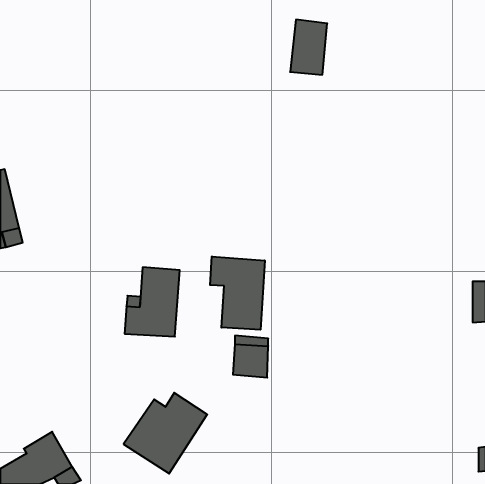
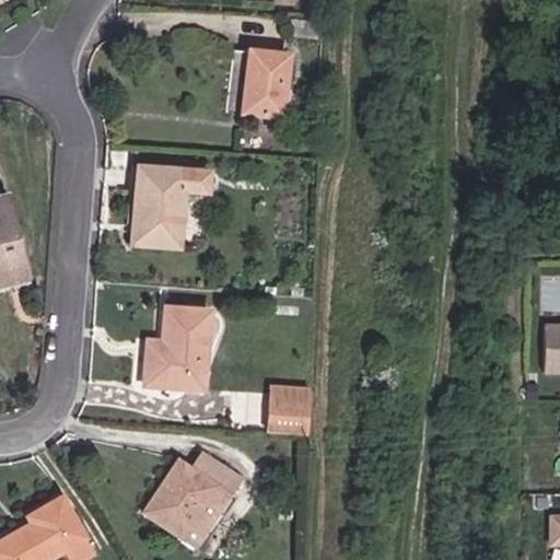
building: [290,20,327,75] -> [245,50,288,114]
building: none -> [133,166,209,246]
building: [210,256,265,330] -> none

